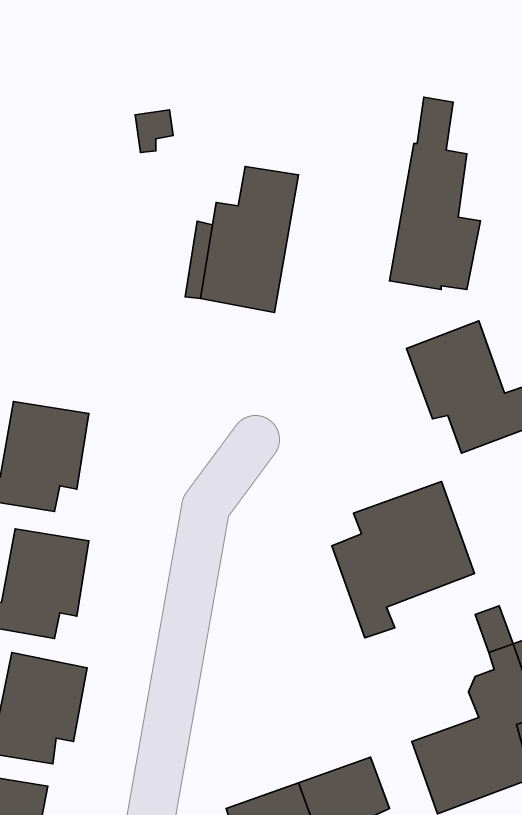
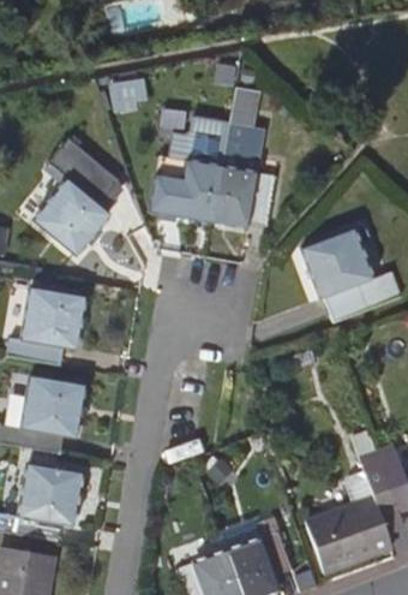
building: [390,97,481,289] -> [212,94,276,228]
building: none -> [35,141,120,254]
building: [332,482,474,638] -> none

